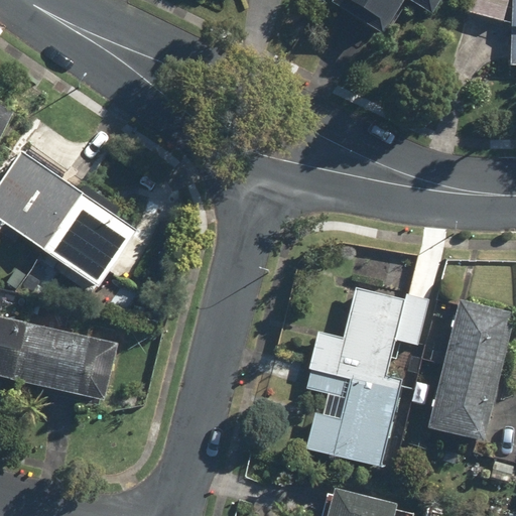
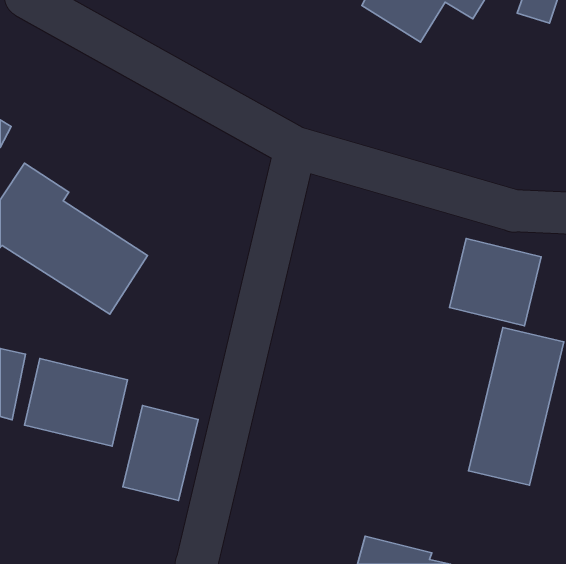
building: none -> [450,239,541,326]
building: [304,285,426,464] -> none
building: none -> [123,406,198,501]

